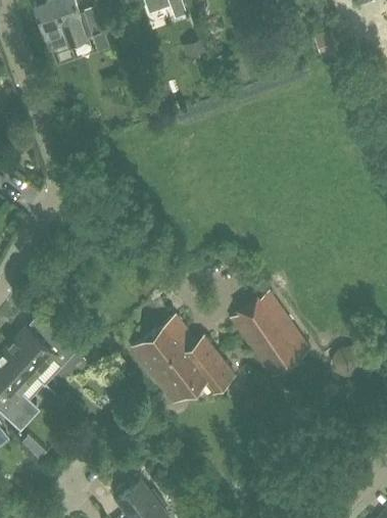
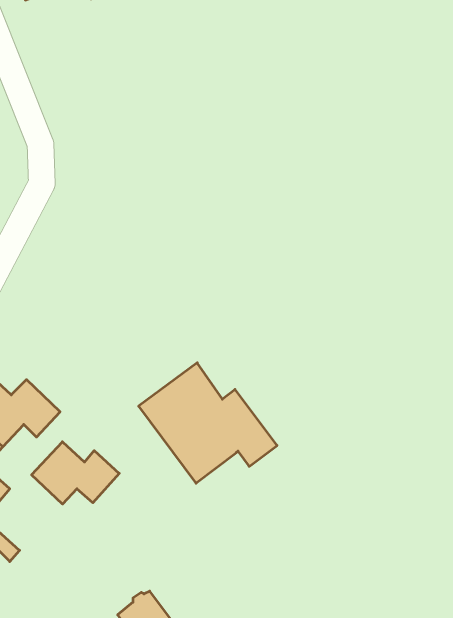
building: [230,293,308,378] -> none
building: none -> [32,442,119,504]

